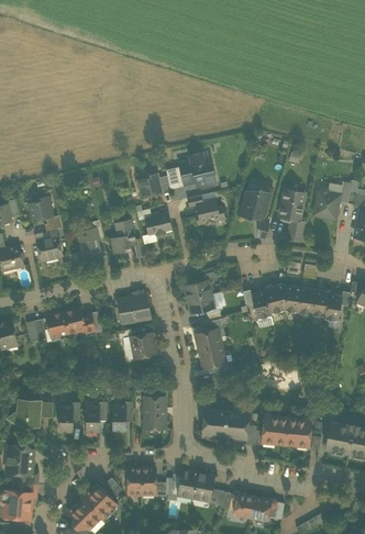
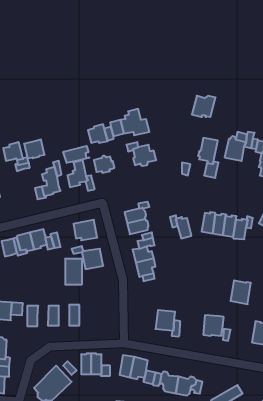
building: [239,191,269,219] -> [192,96,216,117]
building: none -> [63,146,89,163]
building: [35,236,62,260] -> [24,139,45,158]
building: [263,285,287,314] -> none
building: [143,397,165,430] -> [65,259,82,284]
building: [201,410,226,436] -> none
building: [262,415,287,444] -> none
building: [325,423,352,454] -> [230,280,251,304]

